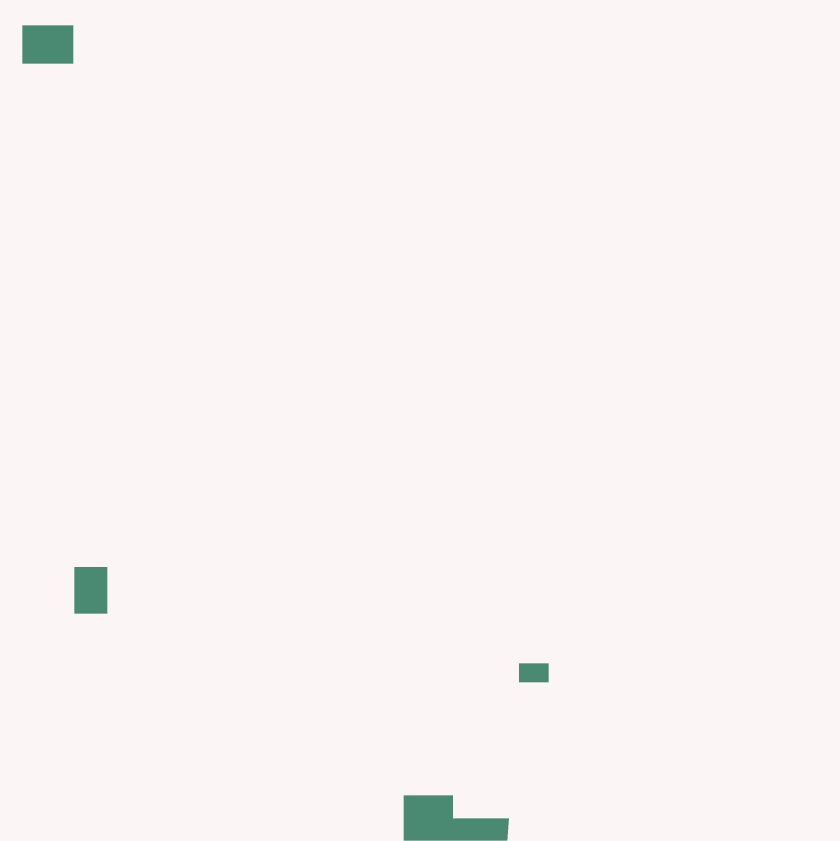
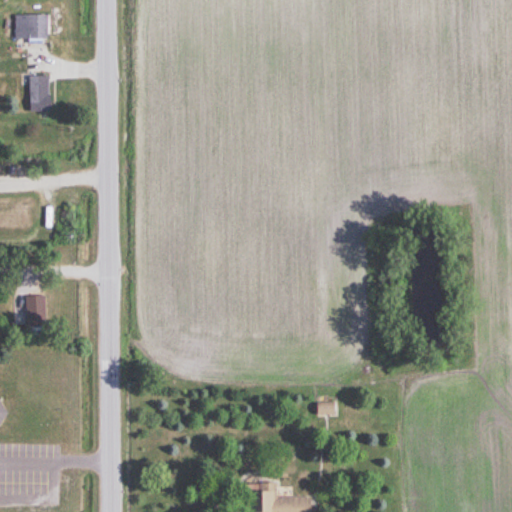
building: none -> [29,76,50,112]
building: [73,566,108,614] -> [26,295,47,324]

